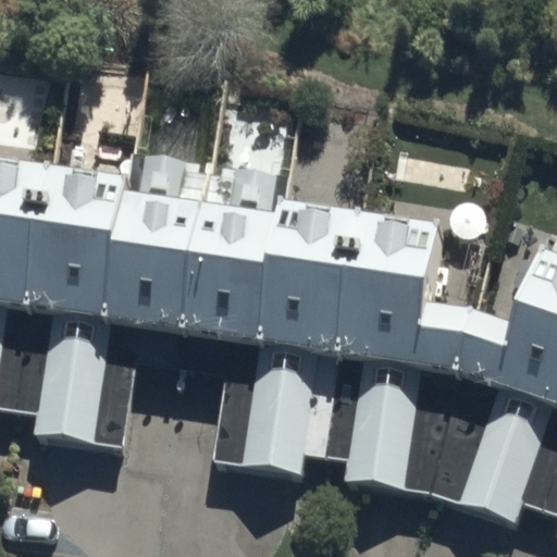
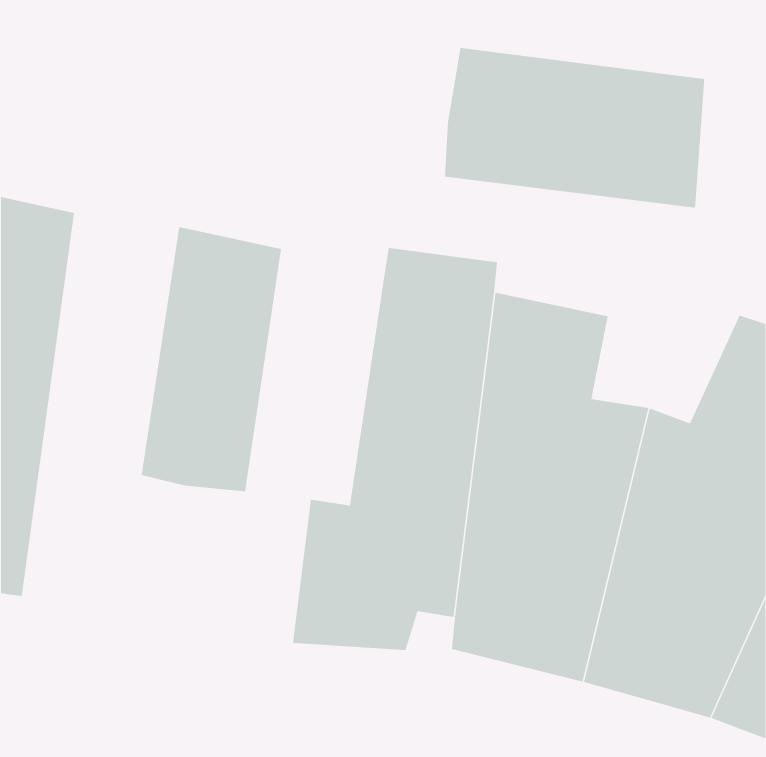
building: none -> [445,47,705,209]
building: [16,154,134,450] -> none
building: [178,181,280,367] -> none

